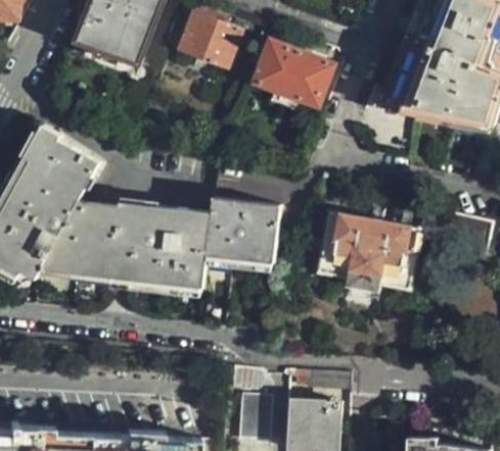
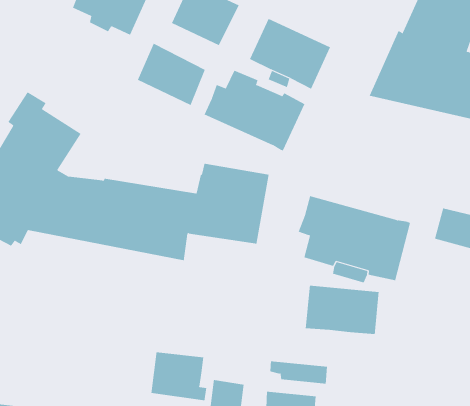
building: none -> [137,43,205,106]
building: none -> [204,70,305,151]
building: none -> [305,285,379,335]
building: none -> [151,351,207,401]

